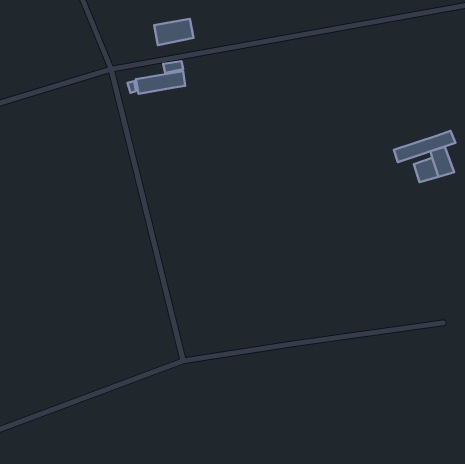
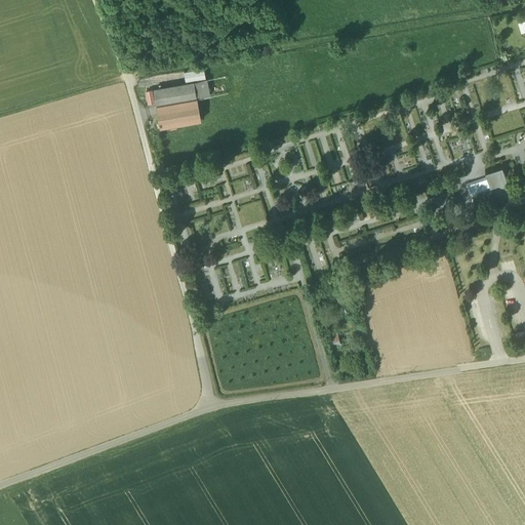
building: [154,19,193,45] -> [156,100,200,130]
building: [394,131,456,162] -> none

